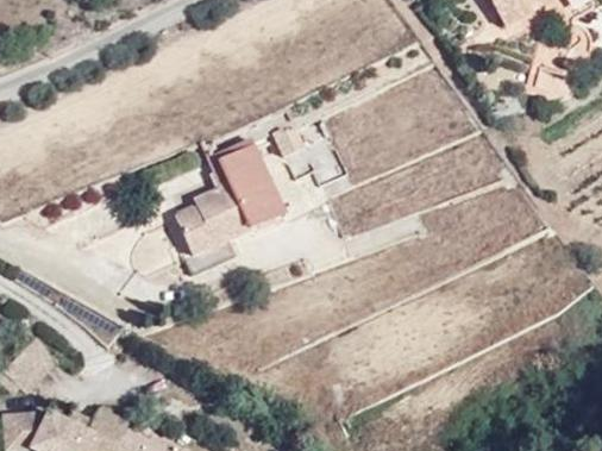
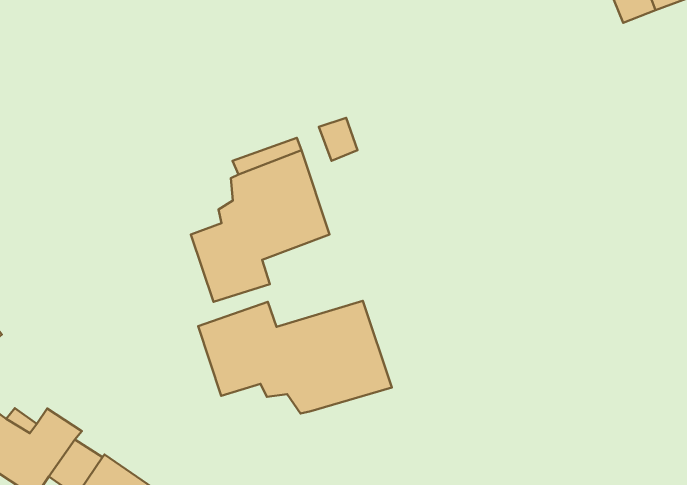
building: none -> [198,301,392,414]

